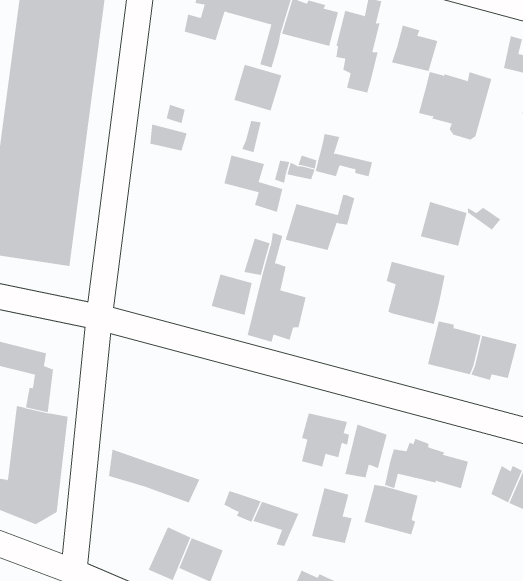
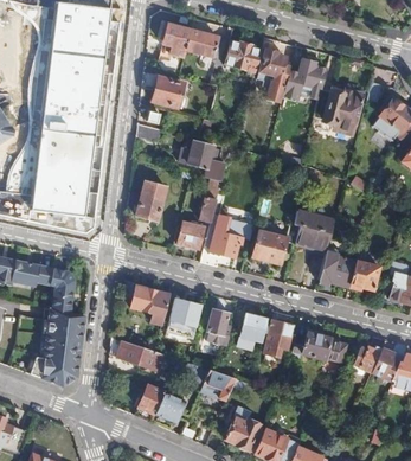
building: [233,64,282,111] -> [153,75,185,105]
building: [315,133,373,177] -> [283,69,321,97]
building: [285,195,355,251] -> [252,225,298,262]
building: [420,201,467,246] -> none
building: none -> [129,179,167,219]
building: none -> [135,286,171,324]
building: none -> [167,297,201,338]
building: [364,484,418,535] -> none
building: [311,487,353,543] -> [205,307,232,344]

